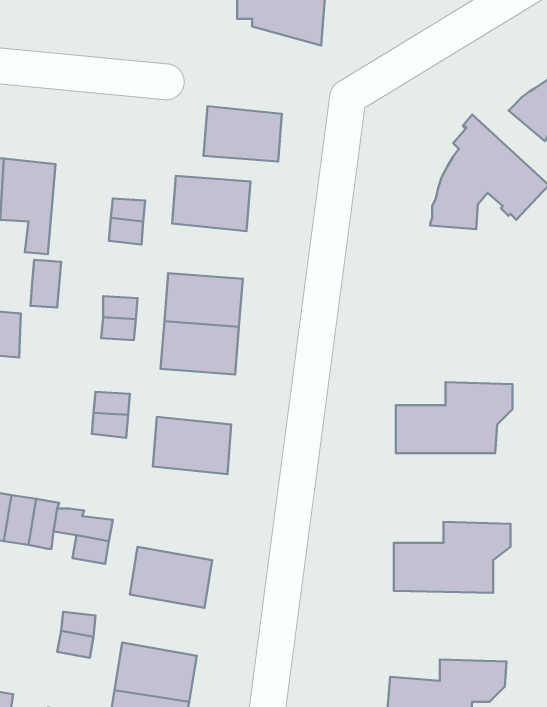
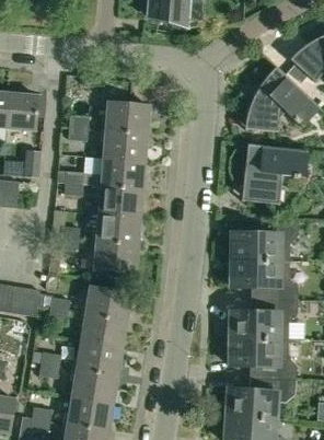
building: [204,106,282,162] -> [102,129,147,161]
building: none -> [246,144,306,205]
building: none -> [95,212,140,244]
building: none -> [231,260,298,301]
building: none -> [84,287,131,322]
building: none -> [230,339,297,380]
building: none -> [76,341,123,377]

